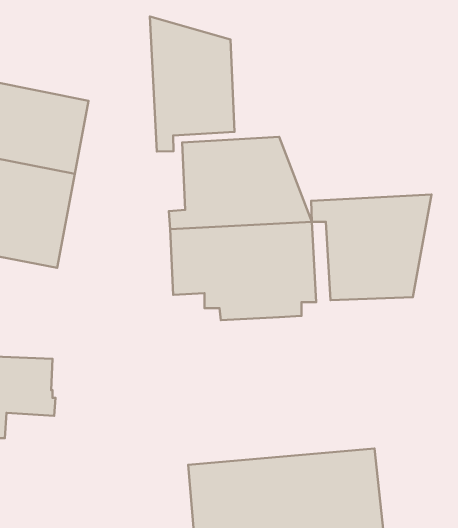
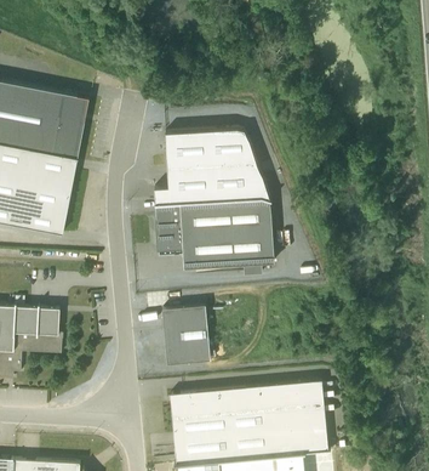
building: [150,17,234,152] -> none
building: [311,194,431,300] -> none
building: none -> [161,305,210,365]

